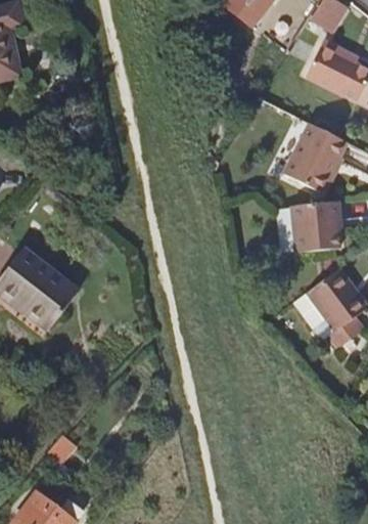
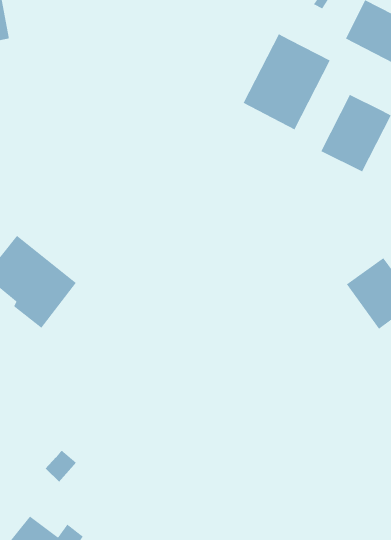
building: none -> [242,33,331,131]
building: [292,203,343,255] -> none

